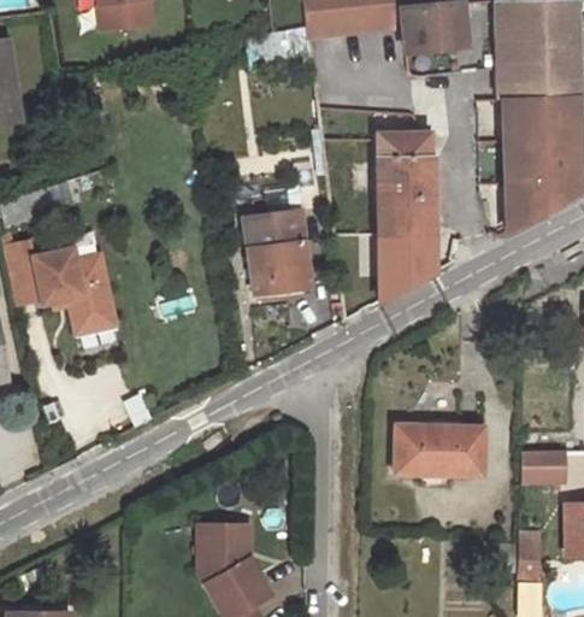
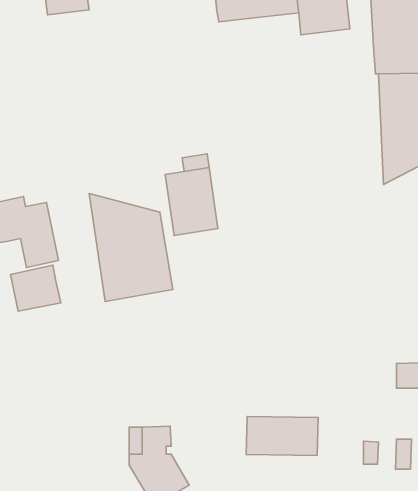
building: [377,134,437,301] -> none
building: none -> [89,193,173,301]
building: none -> [10,265,61,311]
building: [395,428,482,475] -> [246,417,318,455]

